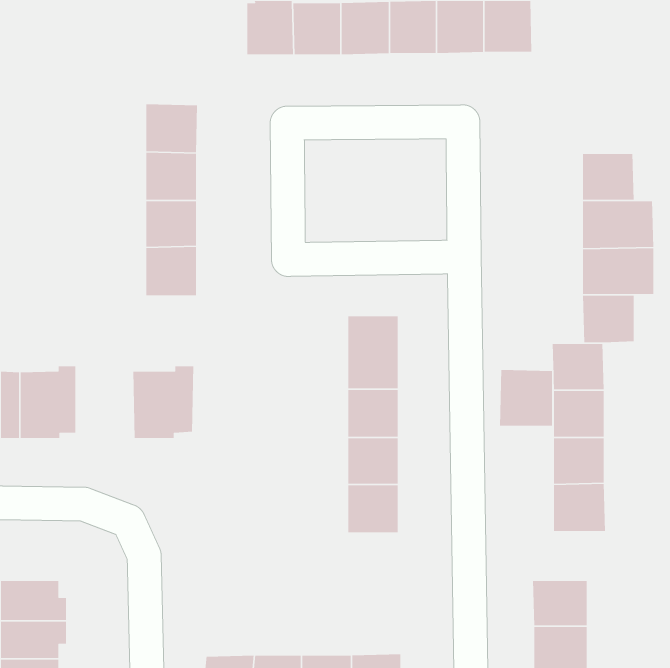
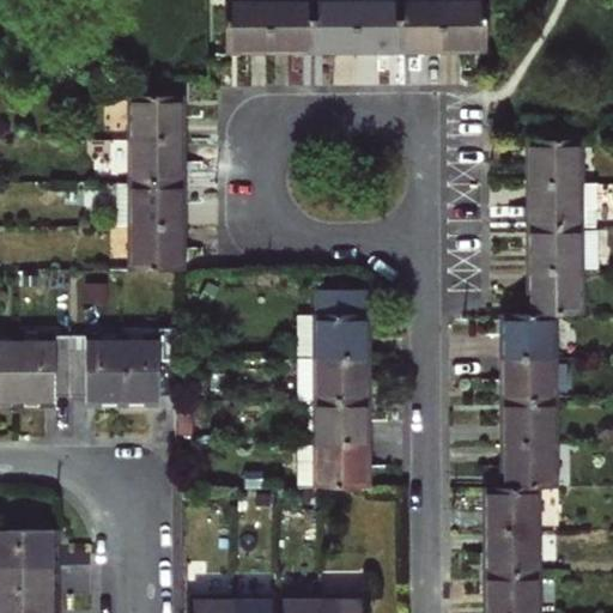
building: none -> [69,335,122,402]
building: [499,369,553,426] -> none
building: none -> [486,487,536,532]

